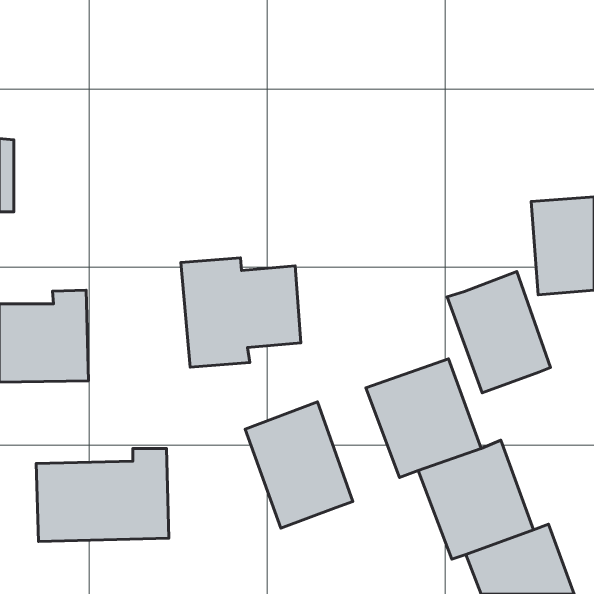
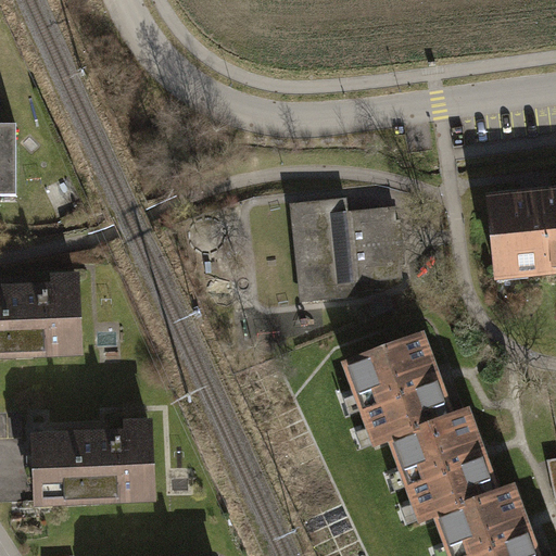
building: [181,258,301,367] -> [291,197,403,299]
building: [447,272,550,393] -> none
building: [245,402,353,528] -> none

